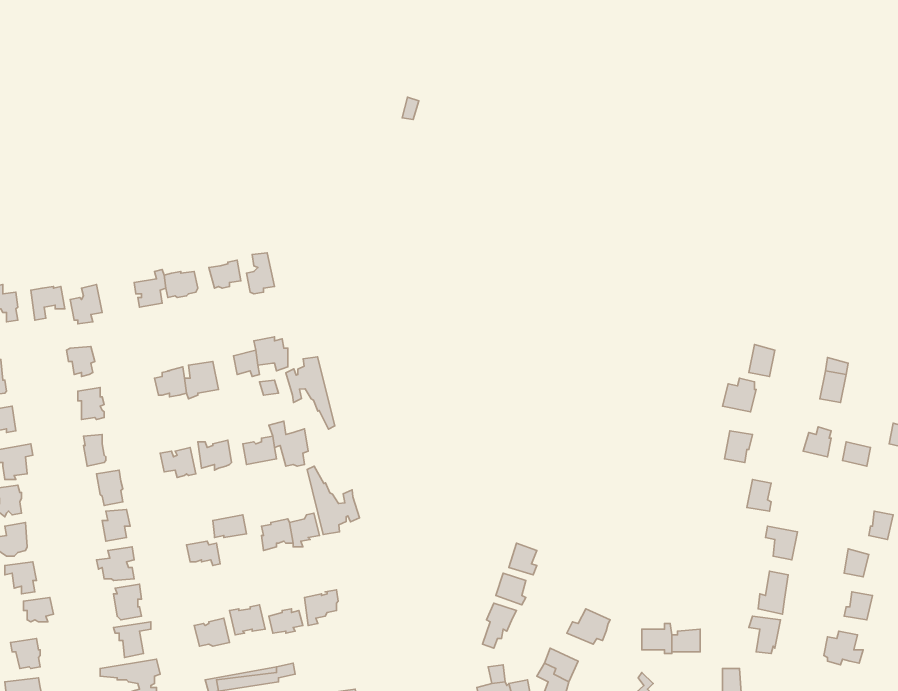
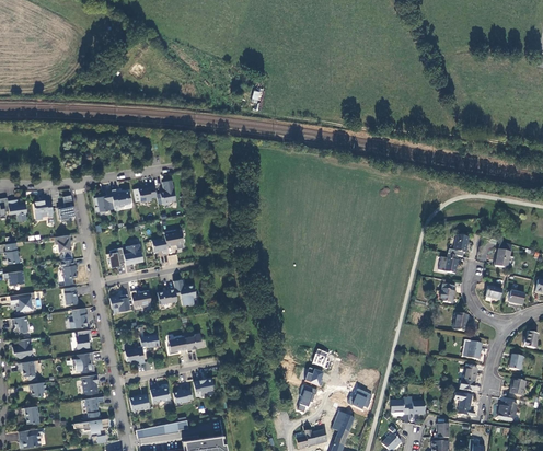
building: [286,357,335,429] -> none
building: [307,466,360,534] -> none

